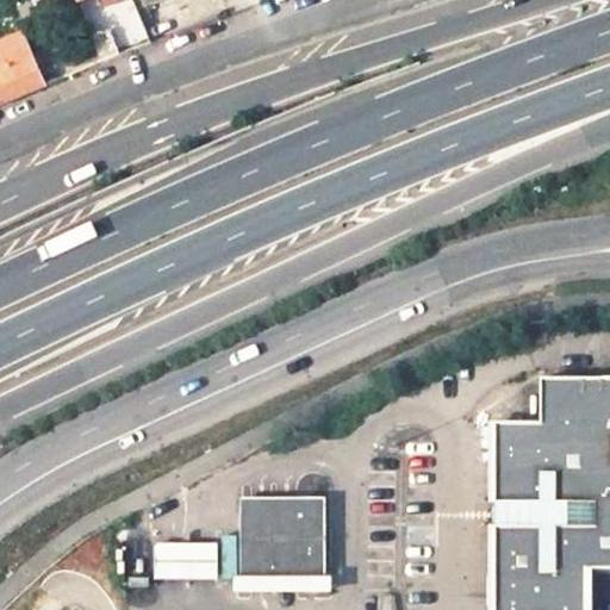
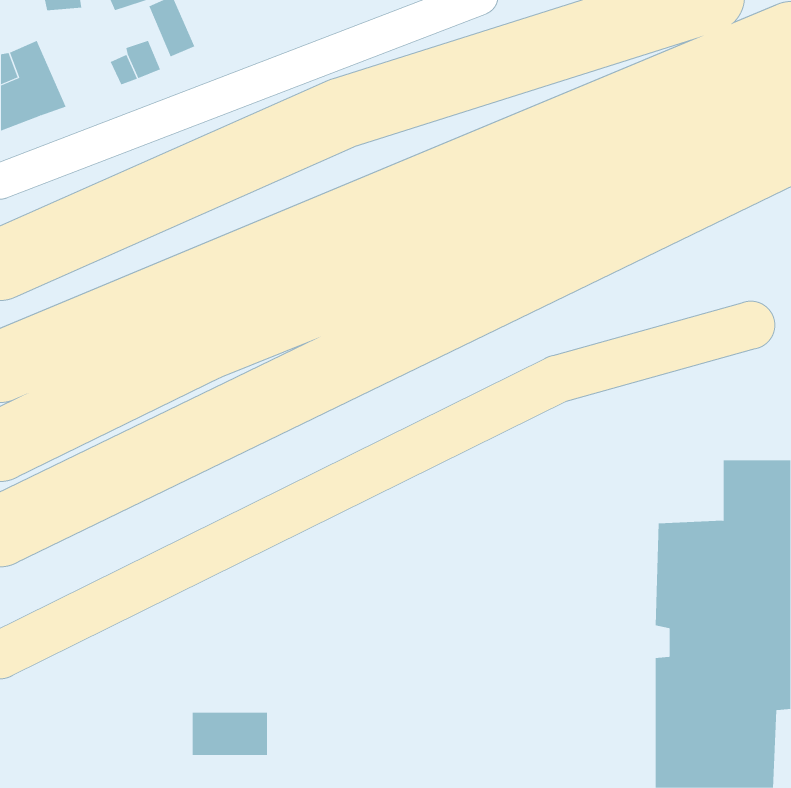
building: [235,500,318,583] -> none

